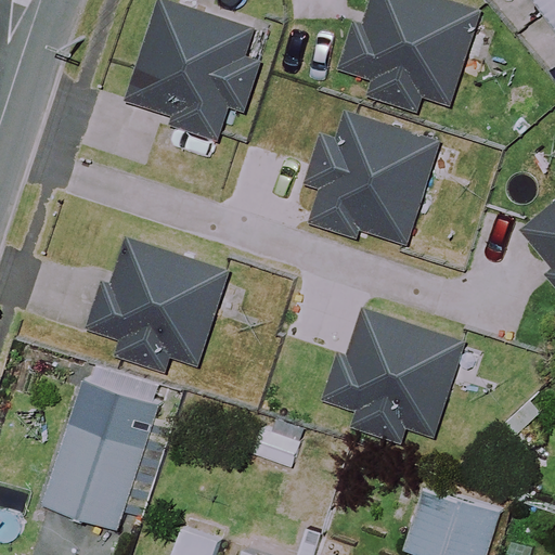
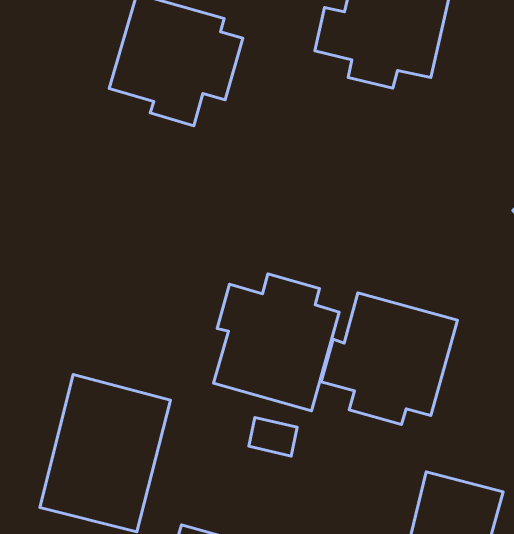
building: [311,114,435,244] -> none
building: [88,241,225,374] -> none
building: none -> [214,274,339,411]

